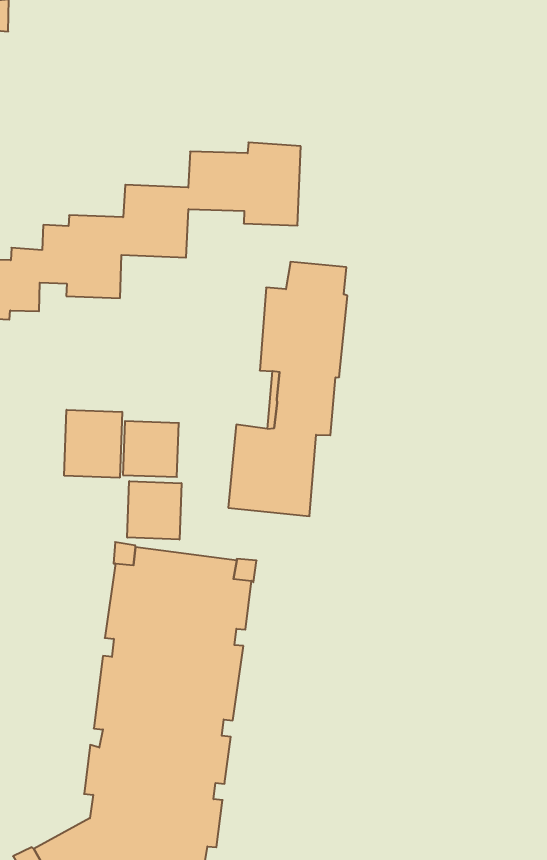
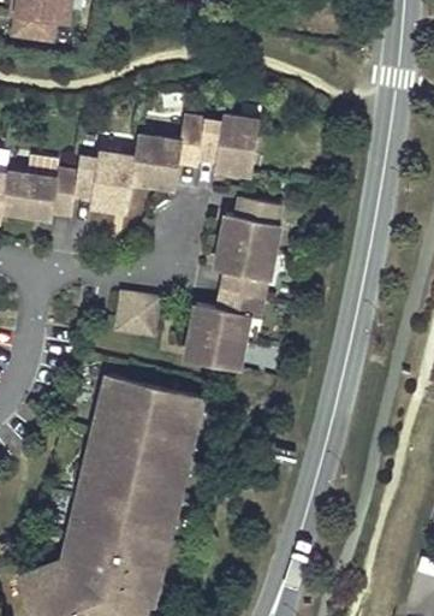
building: [64,410,122,478] -> none
building: [127,481,181,540] -> none

